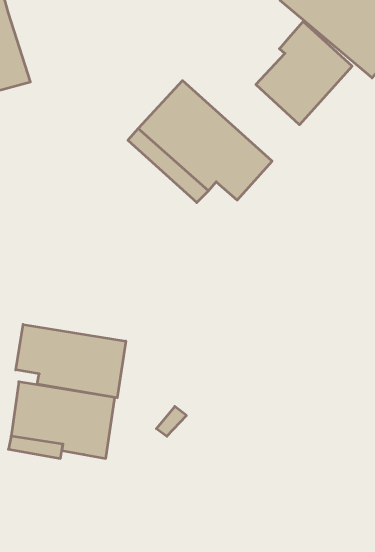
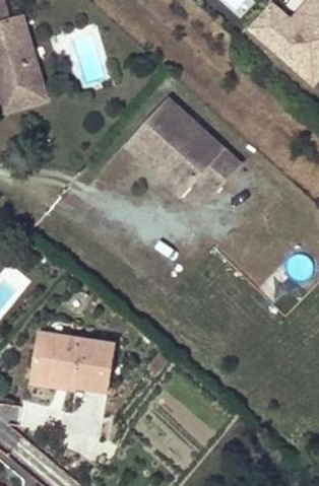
building: [256,21,352,125] -> none
building: [16,324,126,398] -> none

